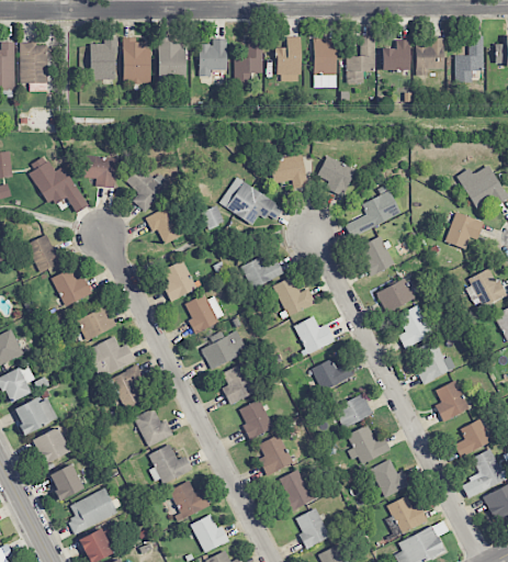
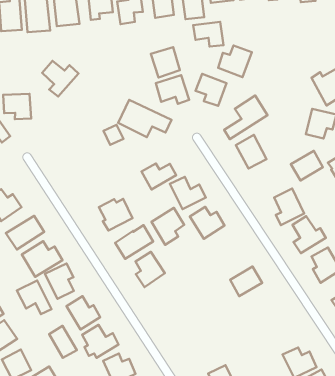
building: none -> [193,22,224,47]
building: none -> [151,47,180,77]
building: none -> [218,45,252,77]
building: [126,166,170,210] -> [42,61,79,97]
building: [146,206,184,245] -> none
building: [163,260,197,301] -> none
building: [376,279,415,313] -> [291,151,323,181]
building: none -> [151,208,184,245]
building: [312,359,354,392] -> none
building: none -> [17,280,51,314]
building: [239,400,274,440] -> none
building: [348,425,391,467] -> none
building: [257,435,293,474] -> none
building: none -> [49,326,77,358]
building: [371,460,409,498] -> none
building: [279,469,316,513] -> none

